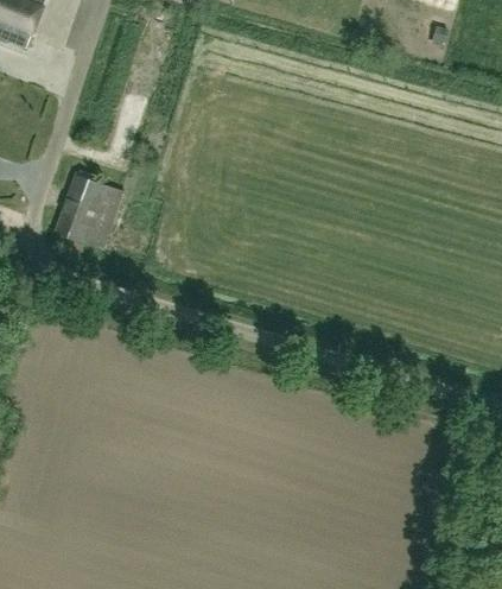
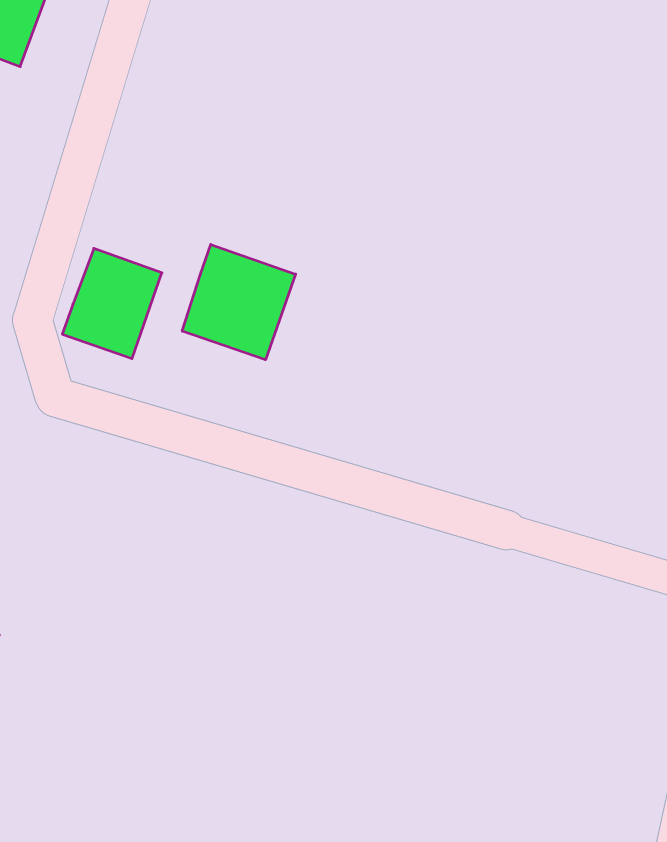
building: none -> [182,244,296,360]

